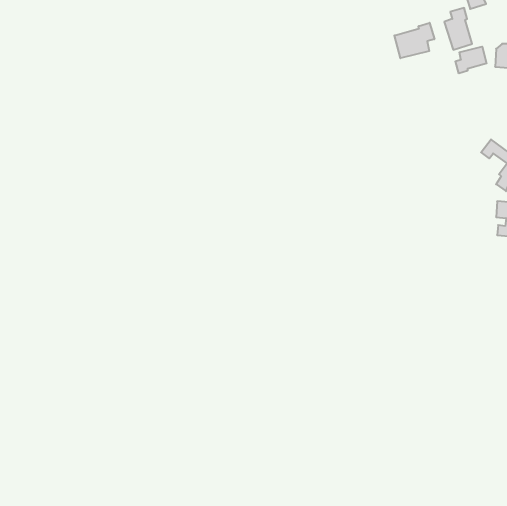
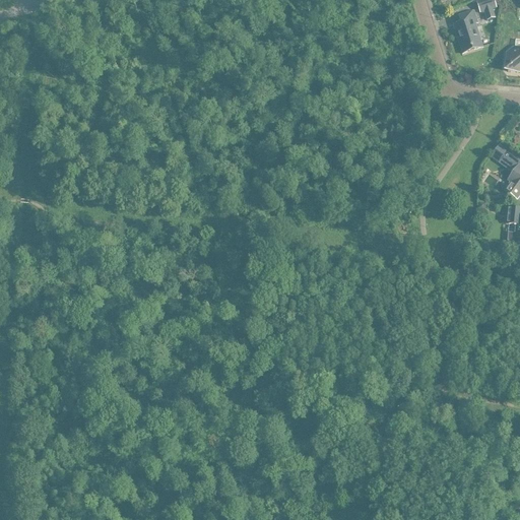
building: [394,23,434,58] -> none
building: [455,47,487,73] -> none

